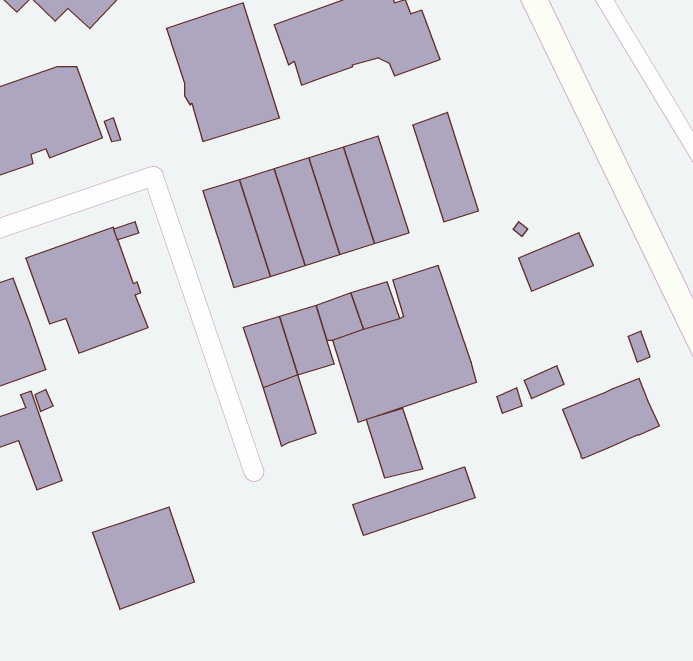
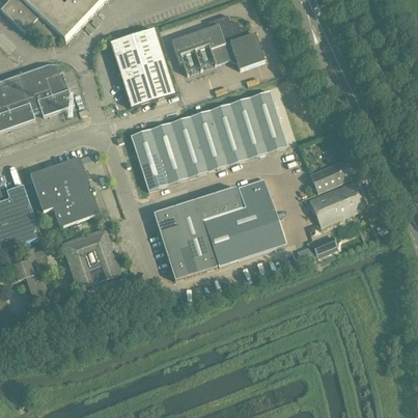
building: none -> [229,96,267,158]
building: [563,378,659,459] -> [309,179,364,225]
building: [366,409,423,478] -> [184,232,216,272]
building: [353,467,475,535] -> none
building: [92,507,195,609] -> [61,228,119,286]

